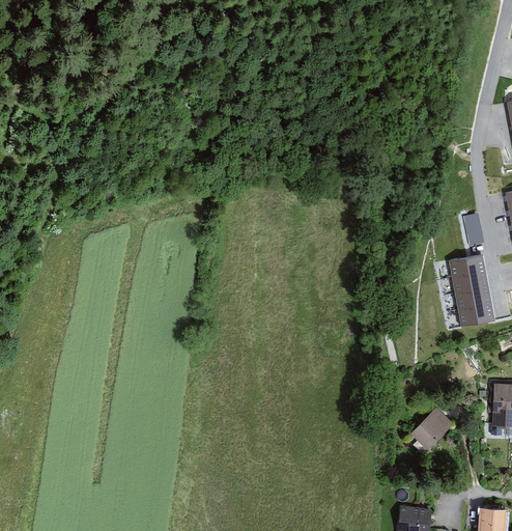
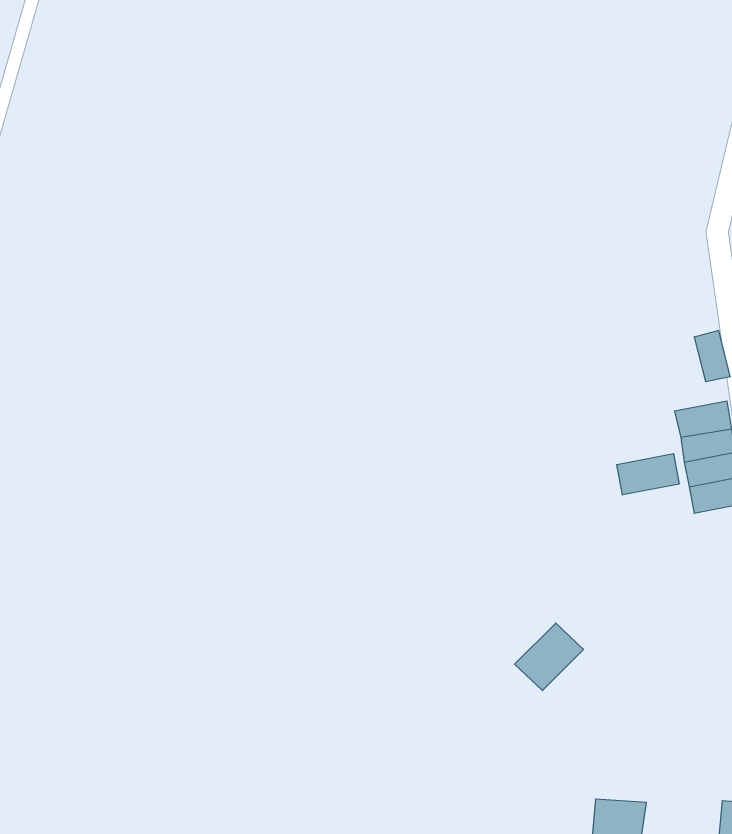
building: none -> [617,454,679,495]
building: [410,407,454,449] -> [515,623,584,691]

